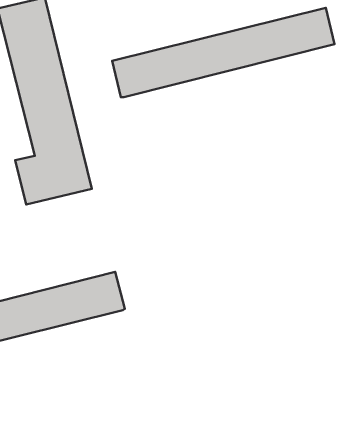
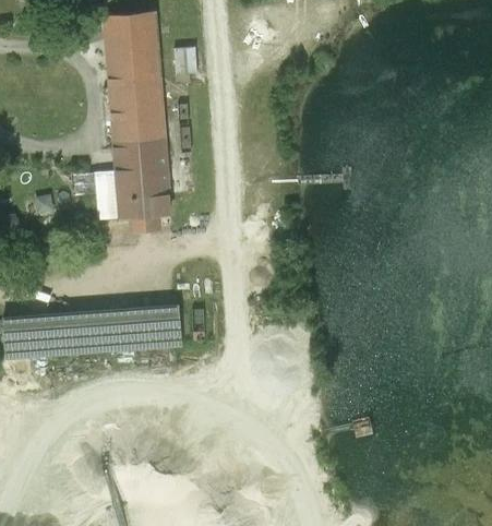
building: [112,8,334,97] -> none

